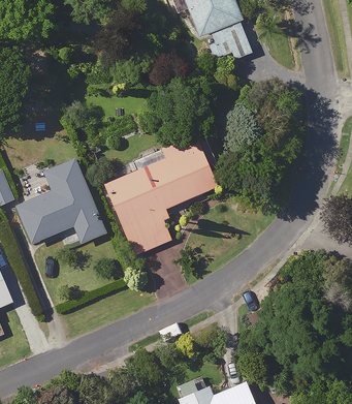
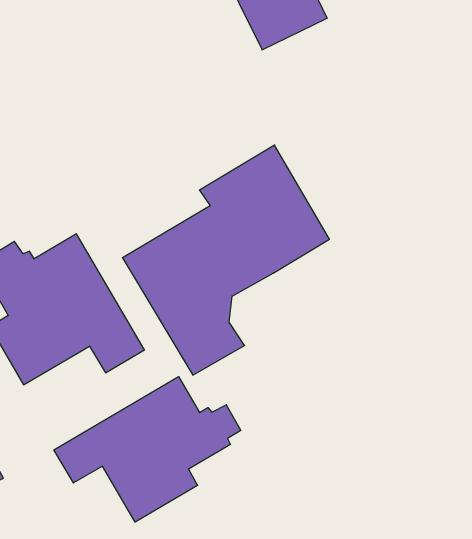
building: none -> [54,377,241,522]

